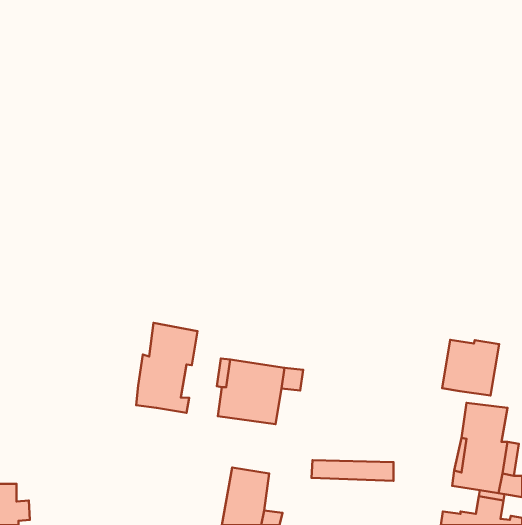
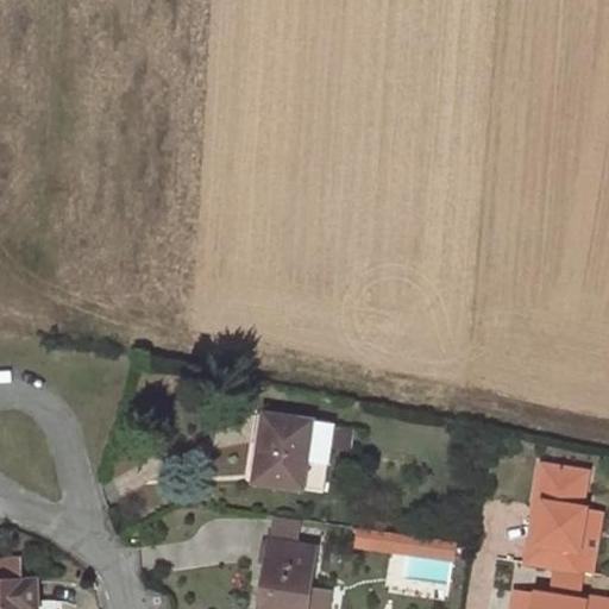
building: [136,323,198,413] -> none
building: [442,340,499,395] -> none

